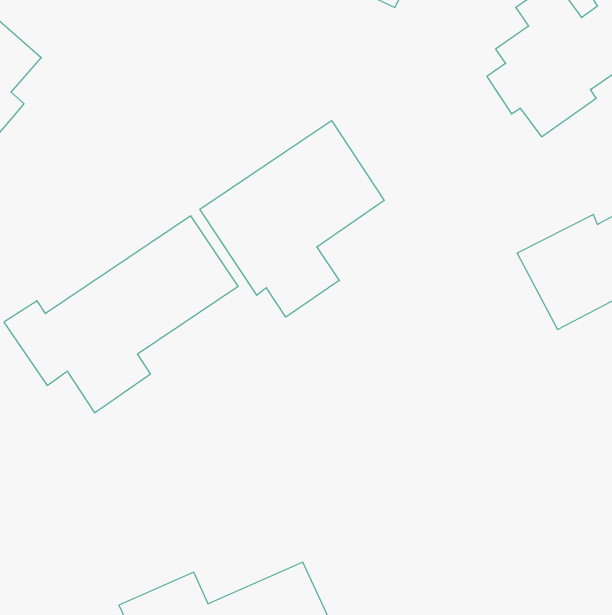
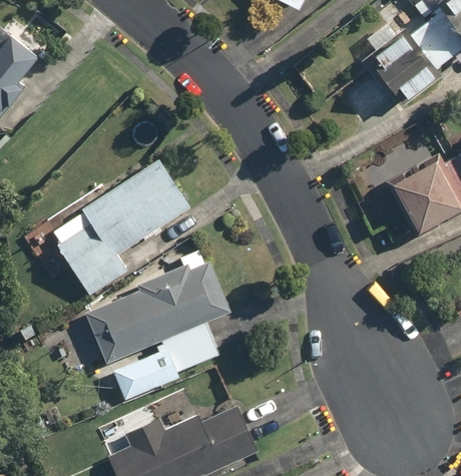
building: [200,121,384,317] -> none
building: none -> [82,252,228,400]

